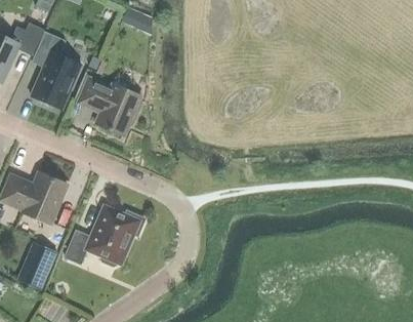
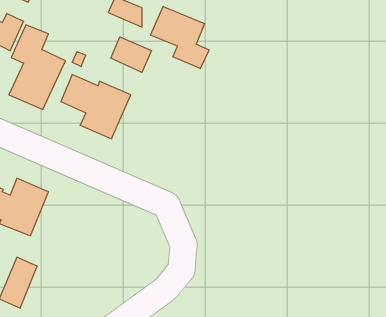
building: none -> [151,6,209,69]
building: none -> [111,37,151,73]
building: [66,206,144,265] -> none

